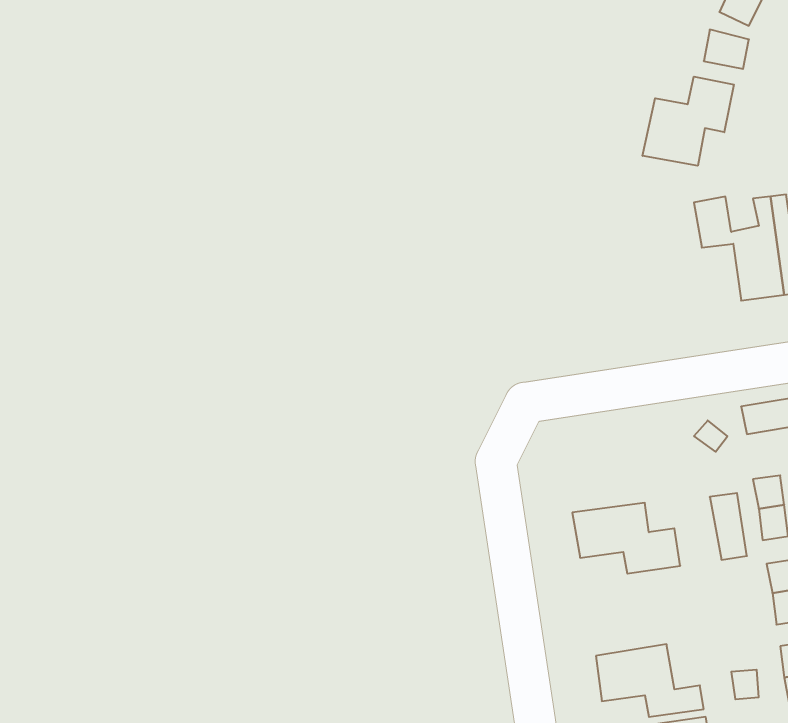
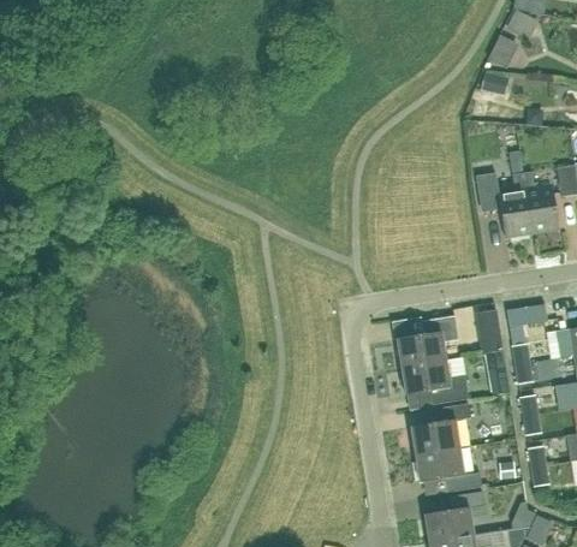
building: [643,77,734,166] -> none
building: none -> [395,316,457,367]
building: none -> [410,404,470,454]

